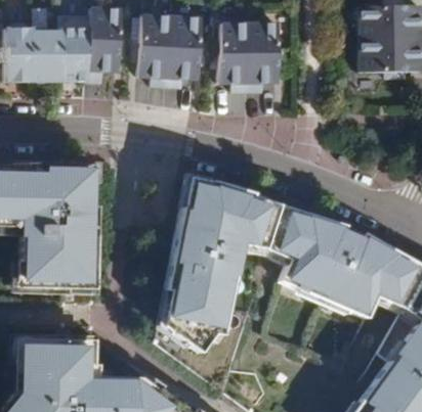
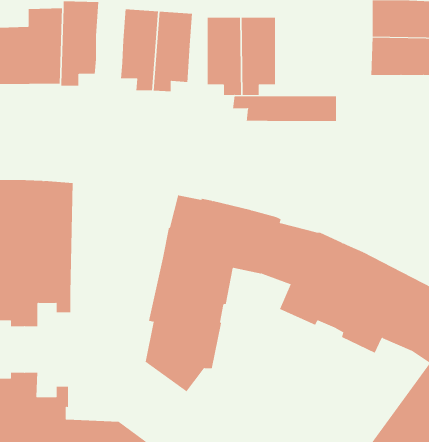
building: none -> [233,95,337,122]

